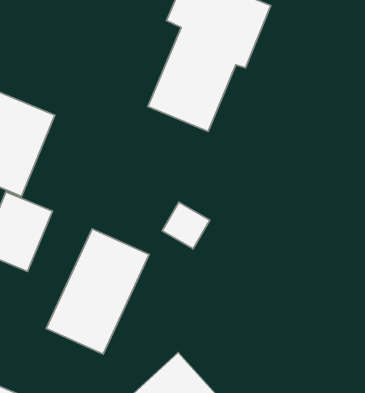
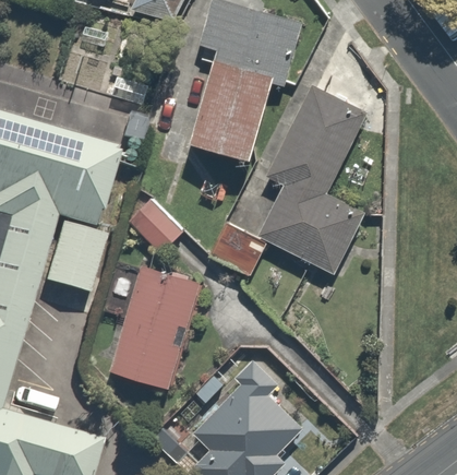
building: none -> [262,84,365,270]
building: none -> [129,195,188,253]

